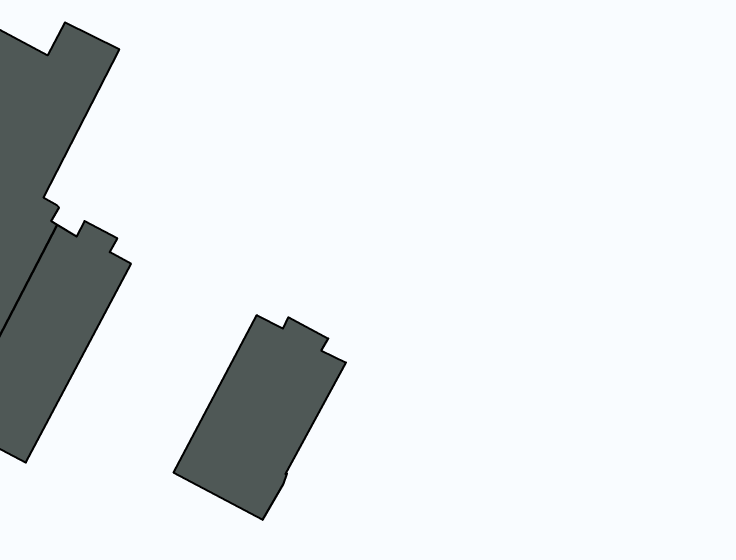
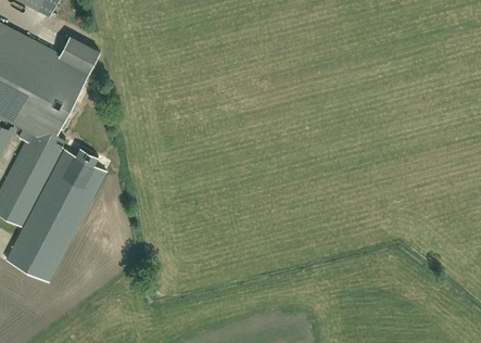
building: [174,315,346,520] -> none

